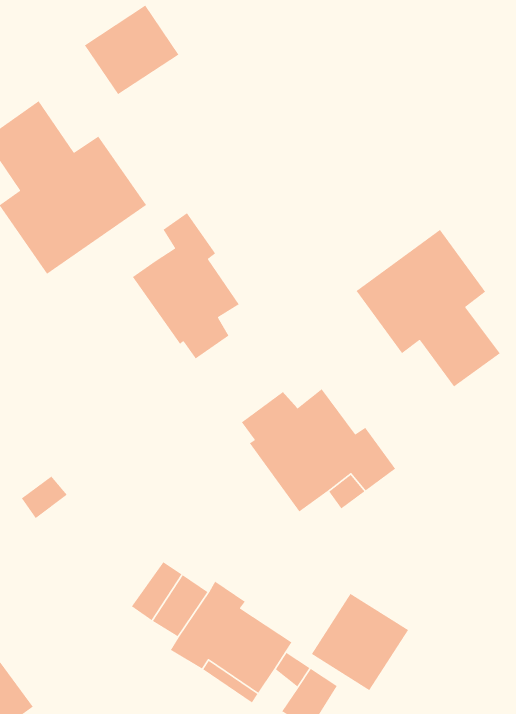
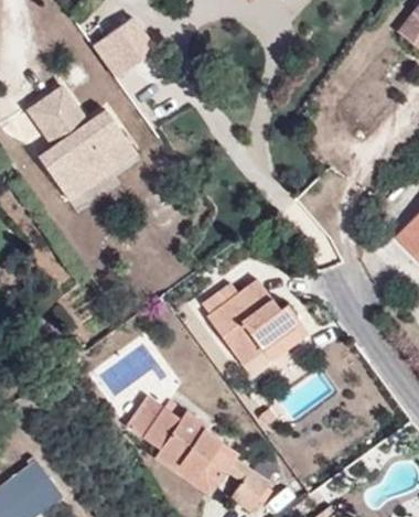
building: [132,212,240,359] -> none
building: [356,229,501,387] -> none
building: [311,593,409,691] -> none

